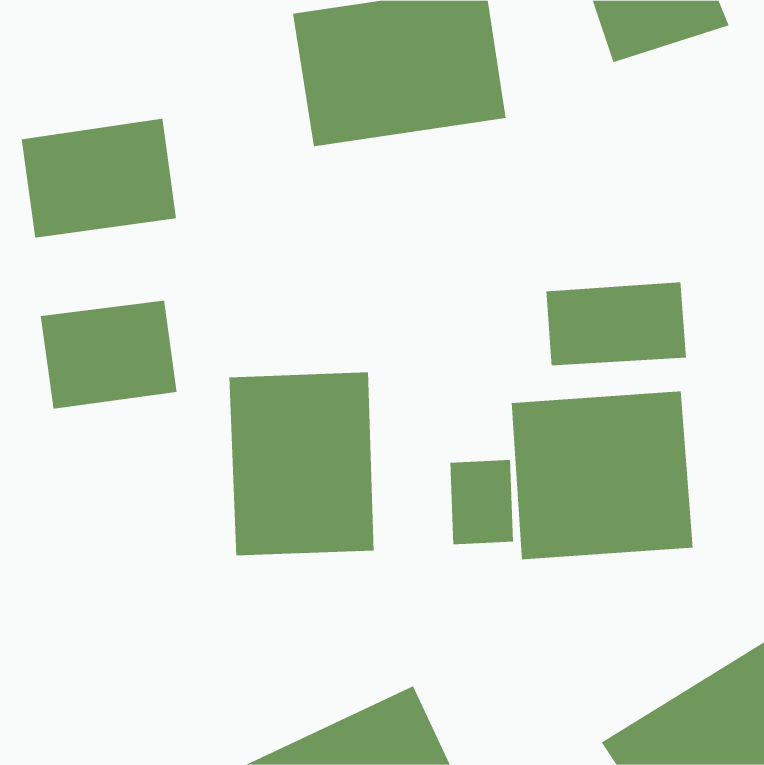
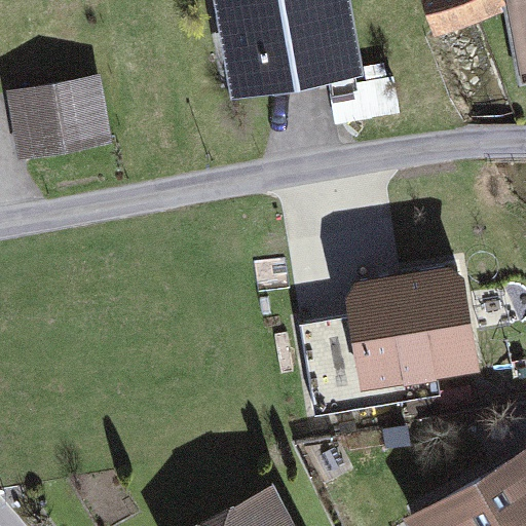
building: [546,281,686,366] -> none
building: [40,300,177,409] -> none
building: [229,372,374,556] -> none

